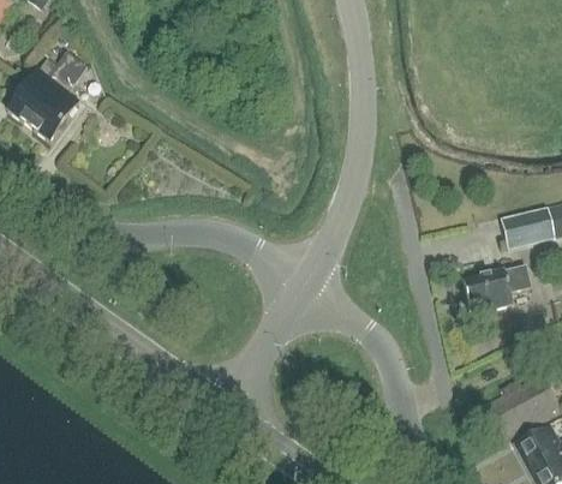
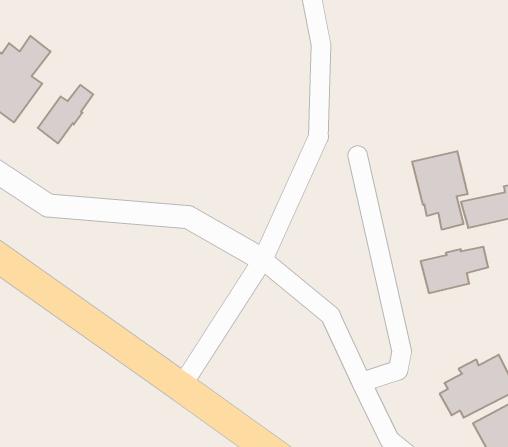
building: none -> [38,85,93,143]
building: none -> [412,151,468,230]

